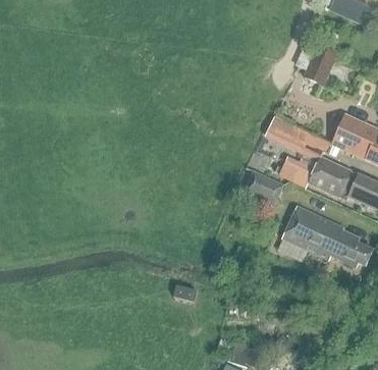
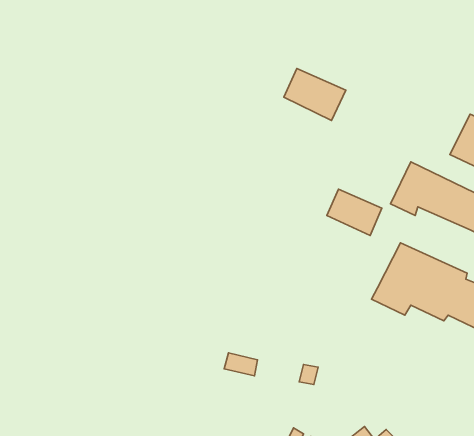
building: [304,42,337,84] -> none
building: [265,115,309,152] -> [284,68,346,120]

